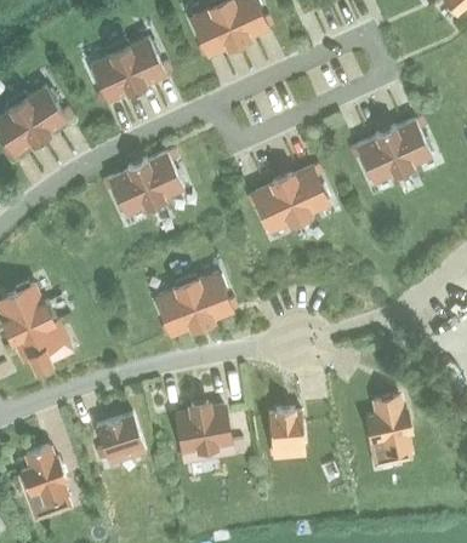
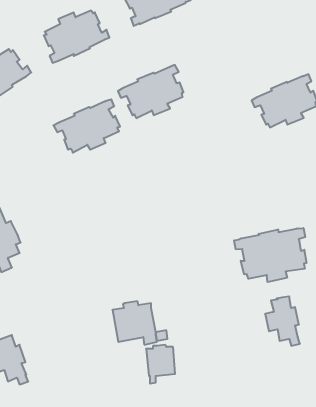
building: [247,166,330,233] -> [118,65,184,118]
building: [155,273,238,336] -> none
building: none -> [234,228,306,282]
building: [268,410,304,458] -> [146,345,175,384]
building: [96,415,144,458] -> none

